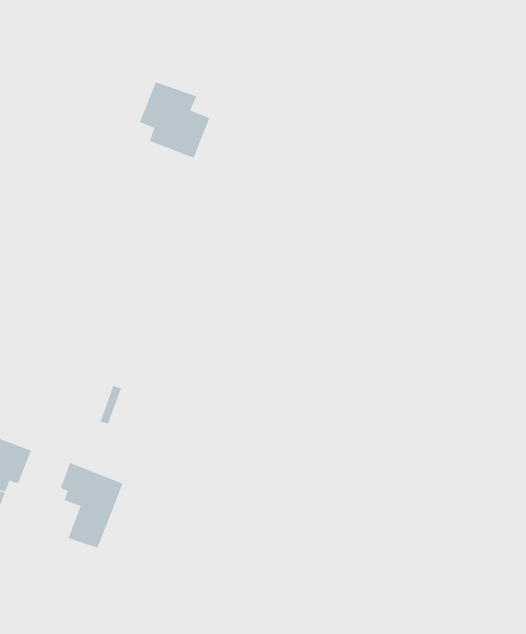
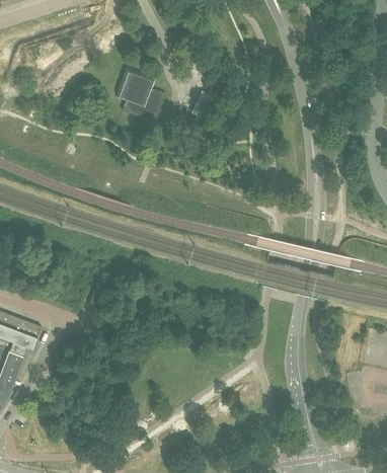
building: [60,462,123,548] -> none

